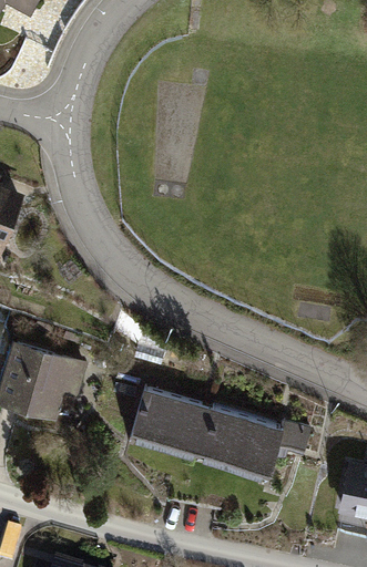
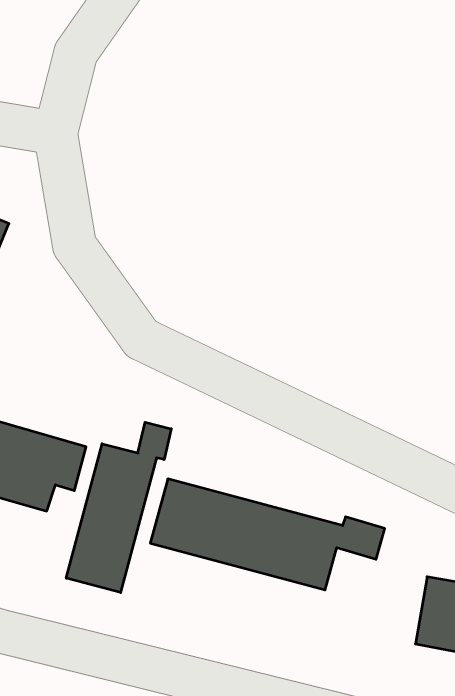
building: none -> [66,422,171,593]

